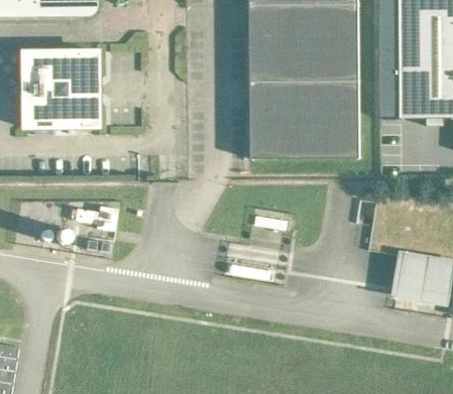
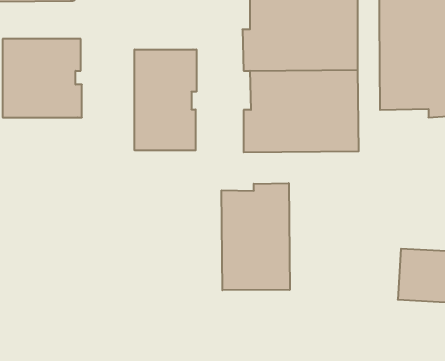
building: none -> [135,49,196,150]
building: none -> [222,183,290,290]

